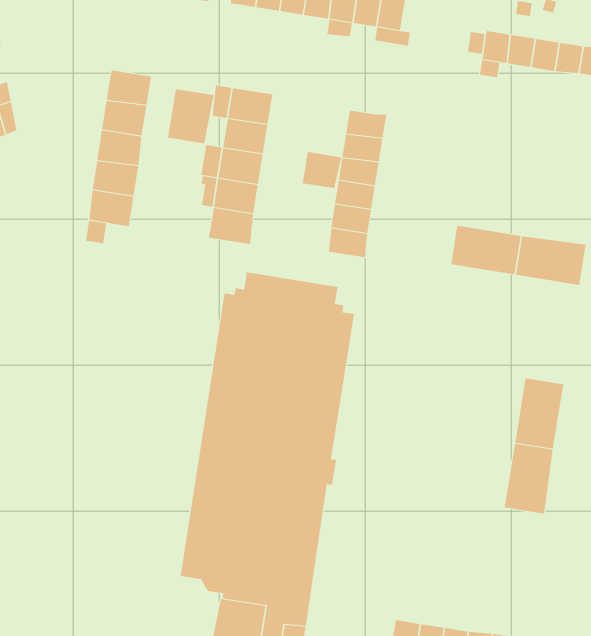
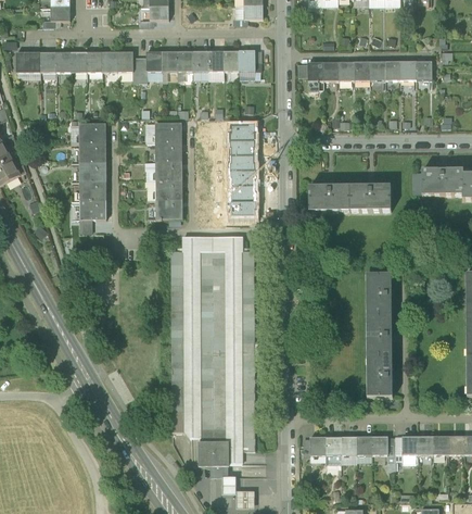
building: [168,88,214,144] -> none
building: [302,151,342,189] -> none
building: none -> [366,356,392,398]

